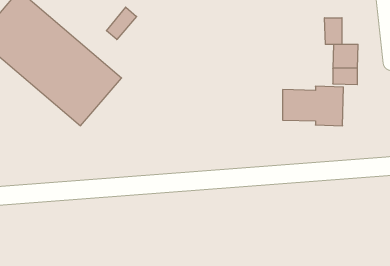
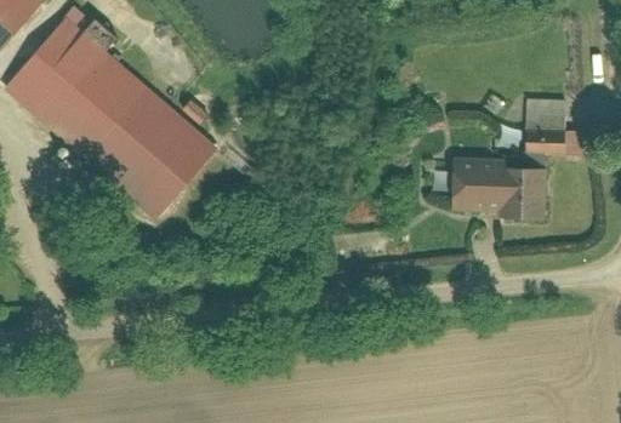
building: [106,7,137,40] -> none
building: [325,18,342,44] -> none

